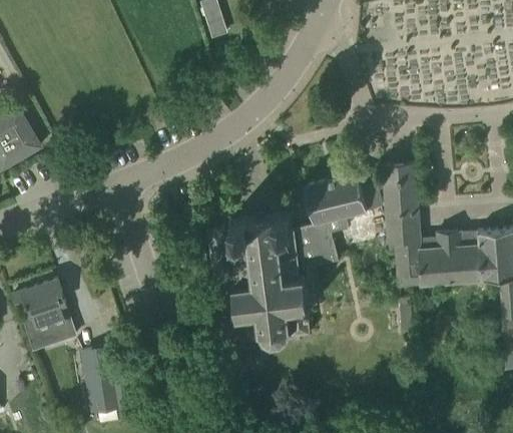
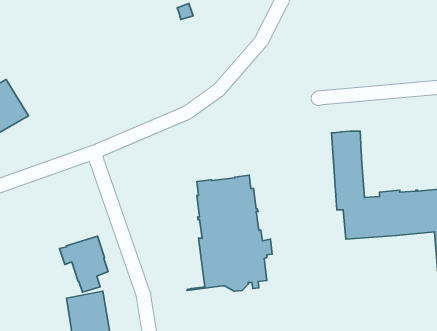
building: [294,174,381,289] -> none
building: [13,281,68,344] -> [59,236,108,292]

